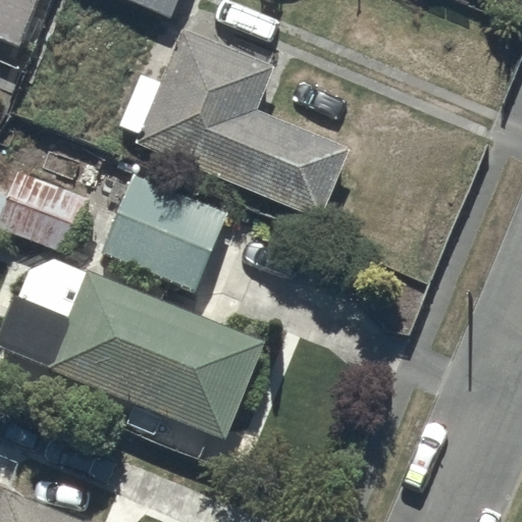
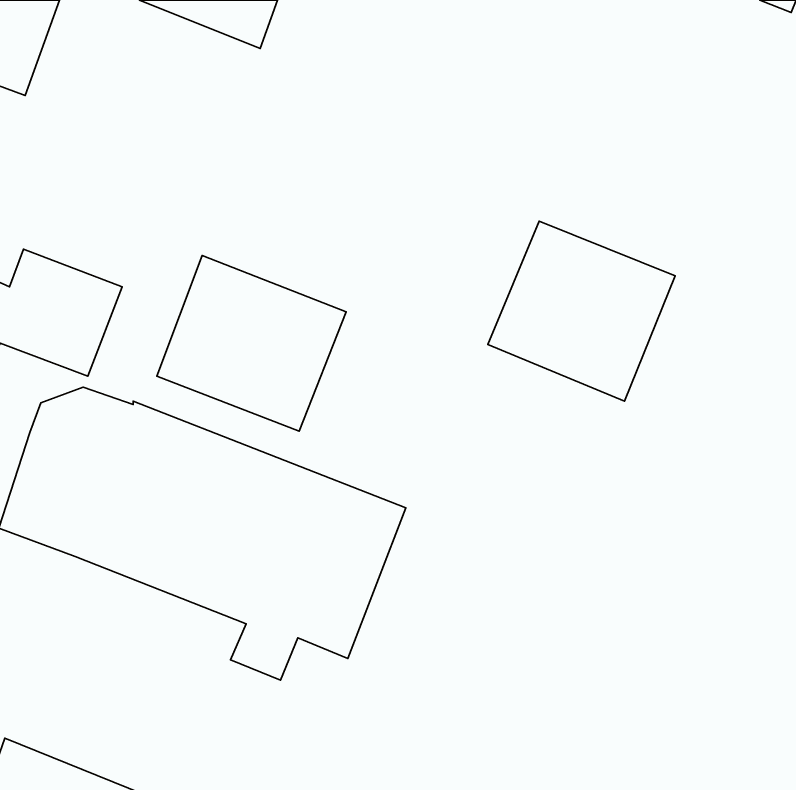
building: [134,55,348,219] -> none
building: none -> [488,221,675,401]

